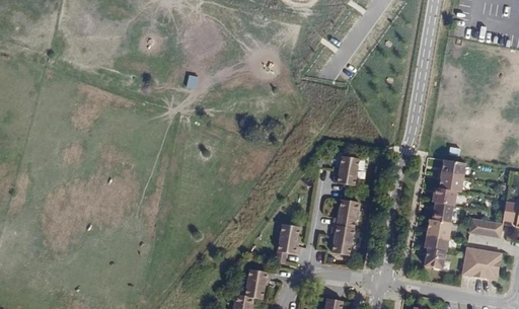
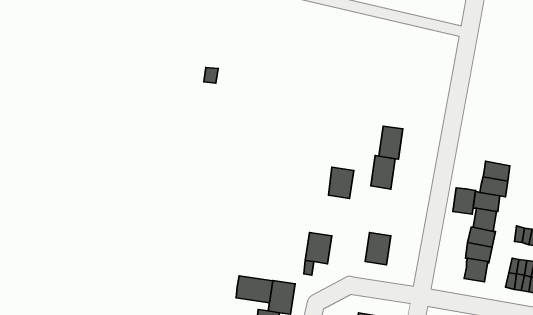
building: none -> [379,126,403,159]
building: none -> [453,188,476,214]
building: [337,199,360,227] -> [328,167,354,199]
building: none -> [236,276,273,303]

